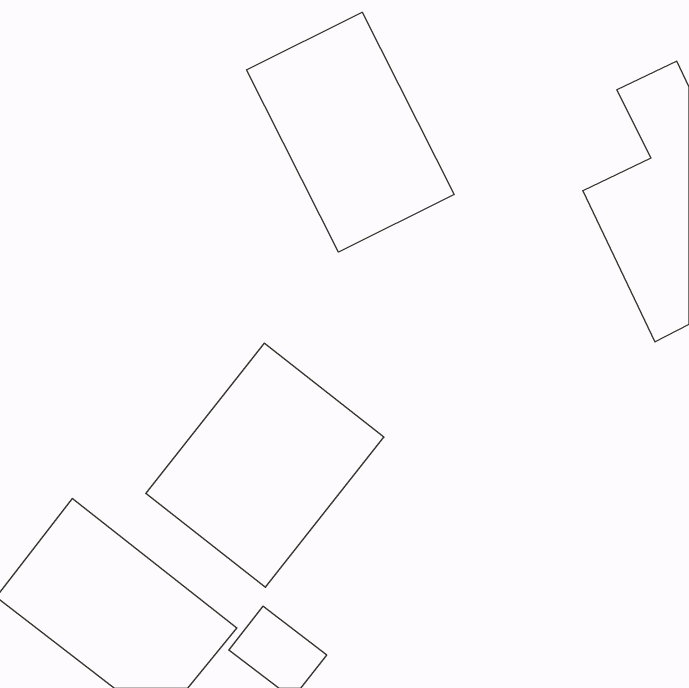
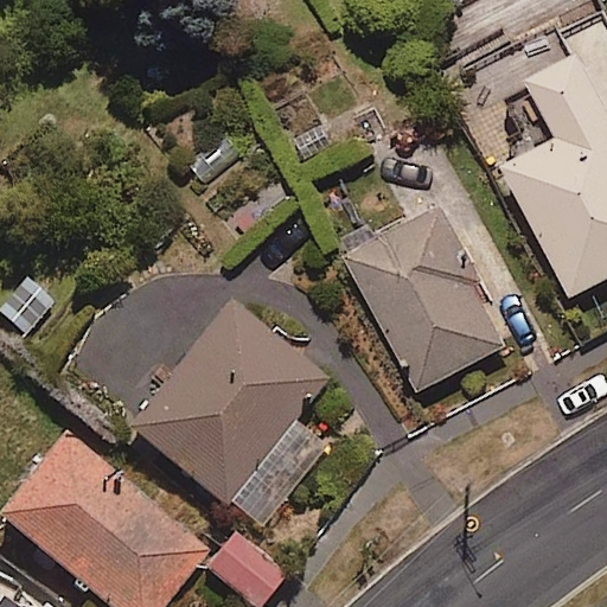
building: [247,12,454,252] -> none
building: none -> [349,200,510,389]

